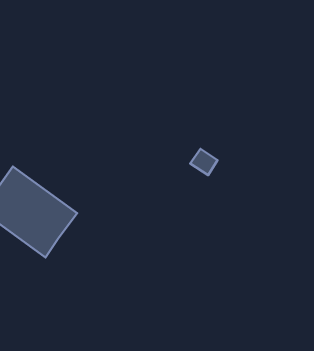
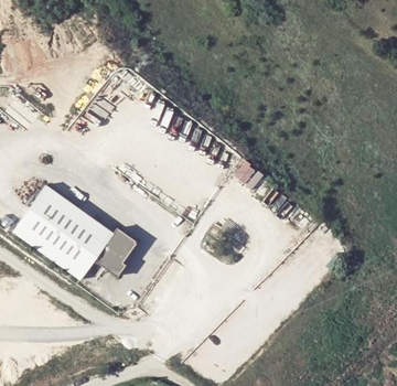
building: none -> [94,228,137,277]

